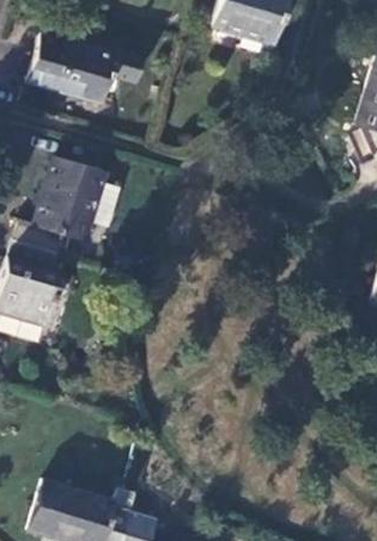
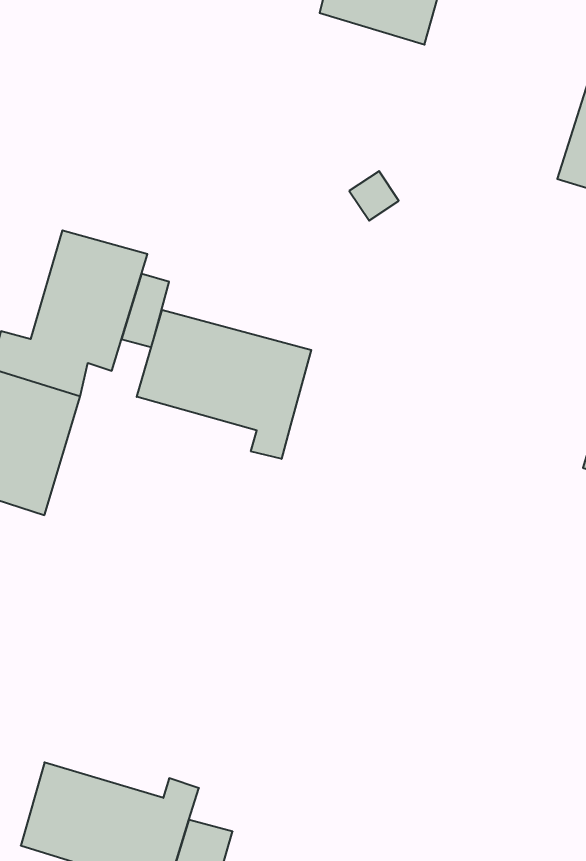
building: [26,32,141,102] -> none
building: none -> [137,310,311,459]

